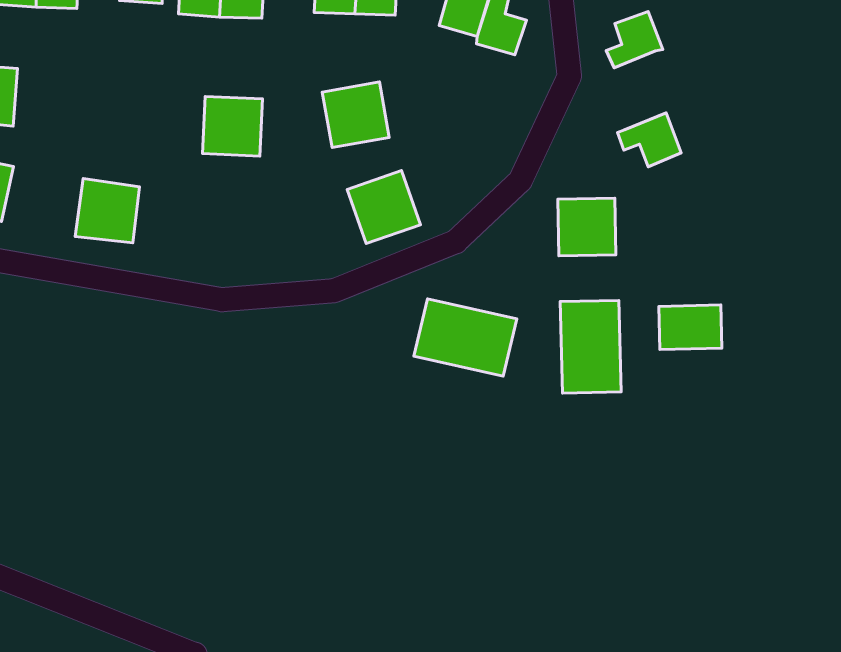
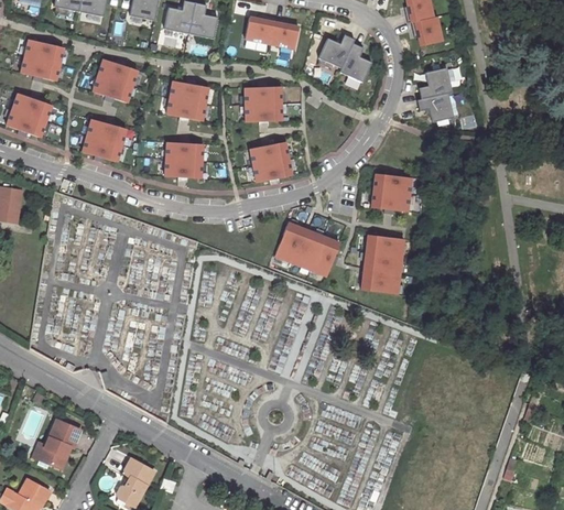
building: none -> [93,59,137,102]
building: [618,113,681,167] -> [416,93,453,123]
building: none -> [164,142,202,178]
building: [659,305,722,350] -> none

